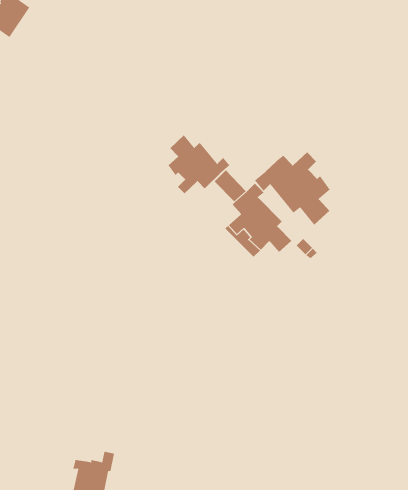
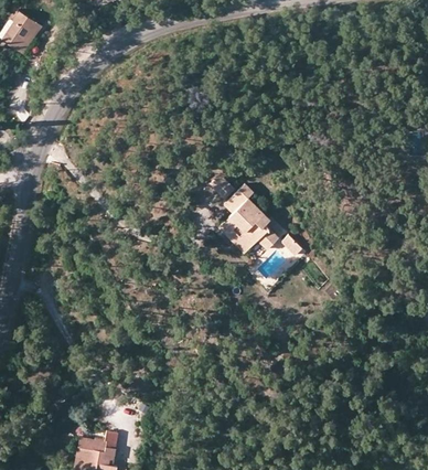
building: [168,135,230,194] -> none
building: [254,151,331,226] -> none

